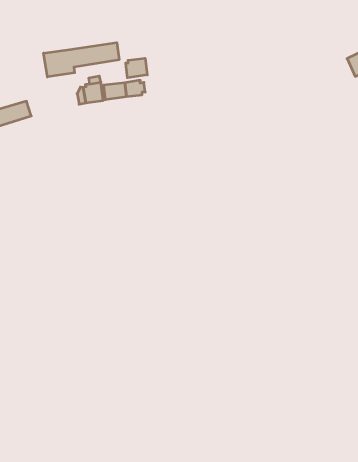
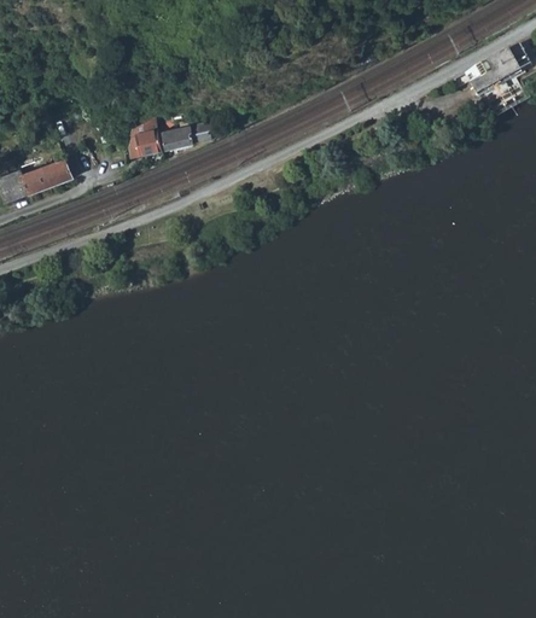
building: [44,43,119,77] -> none
building: [126,58,147,78] -> none

